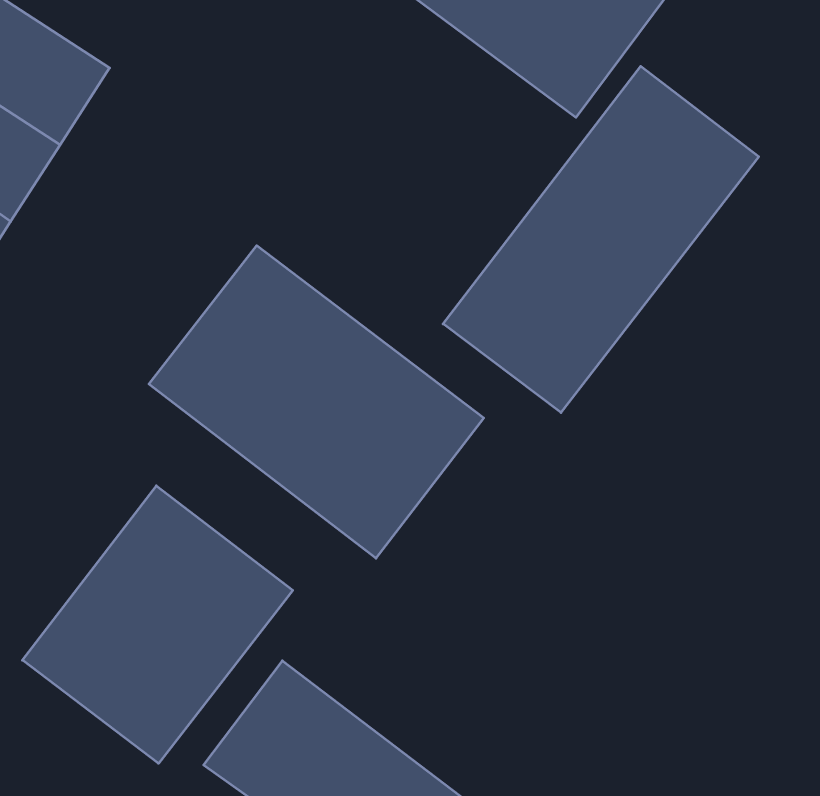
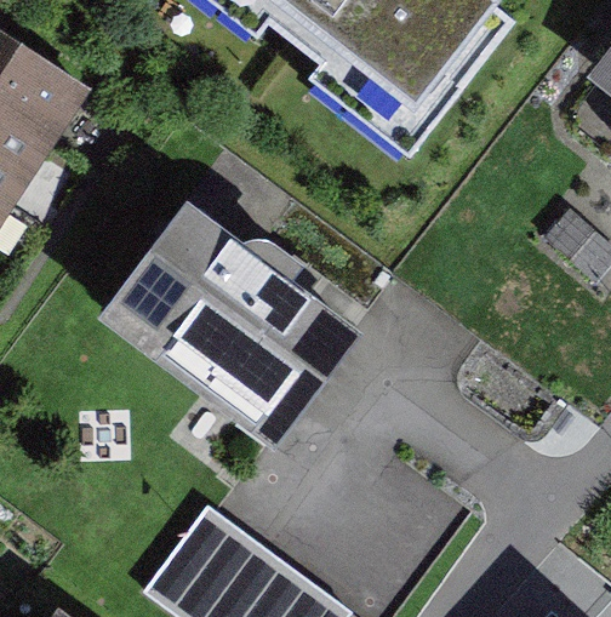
building: [443,66,759,413] -> none
building: [22,486,293,763] -> none

